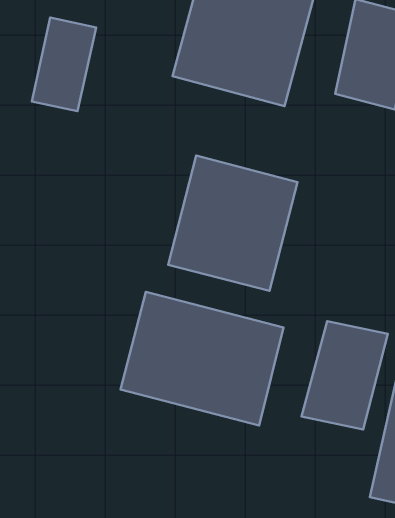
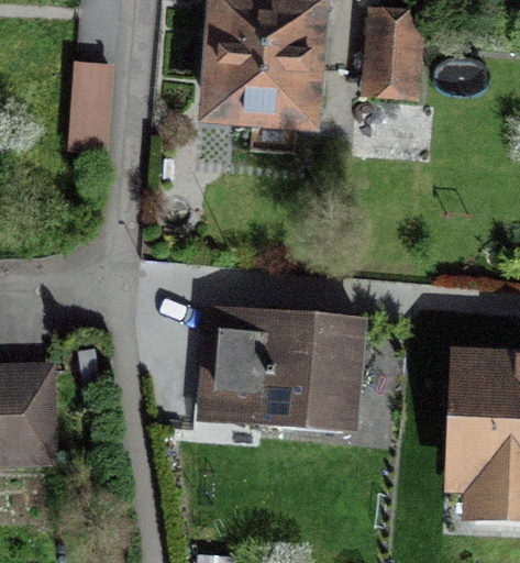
building: [168,155,297,291] -> none
building: [302,321,388,429] -> none

